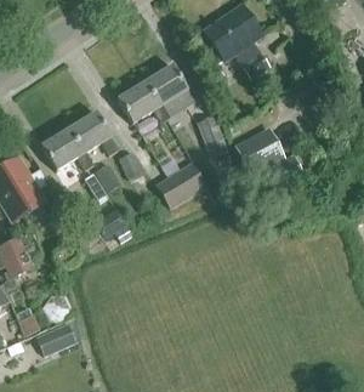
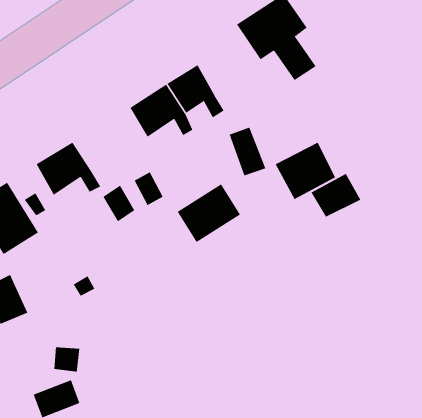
building: [69,112,118,155] -> none

